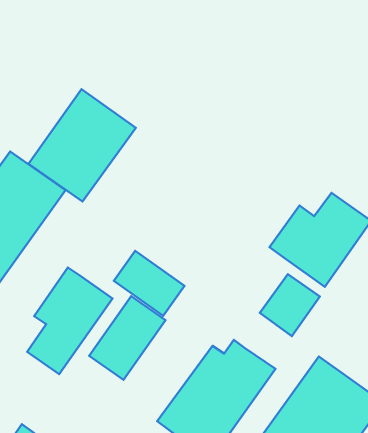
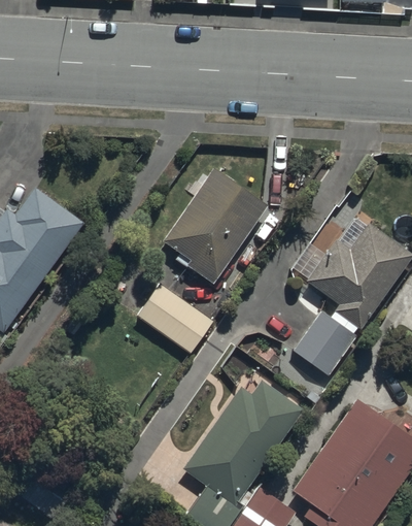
building: [28,89,136,201] -> [156,164,270,284]
building: [27,268,113,374] -> none
building: [89,296,165,380] -> none

